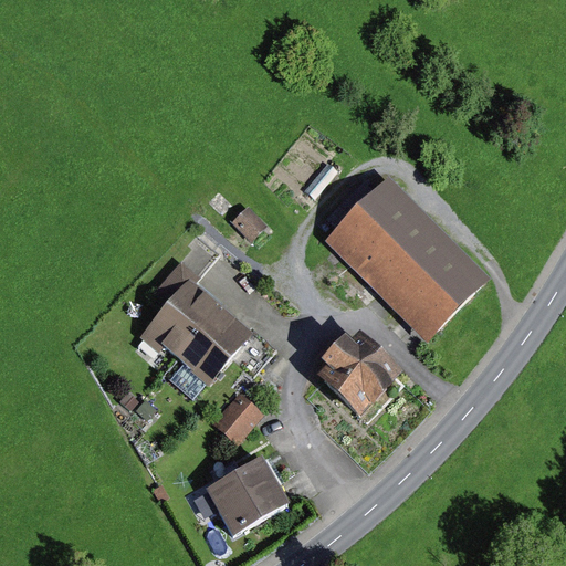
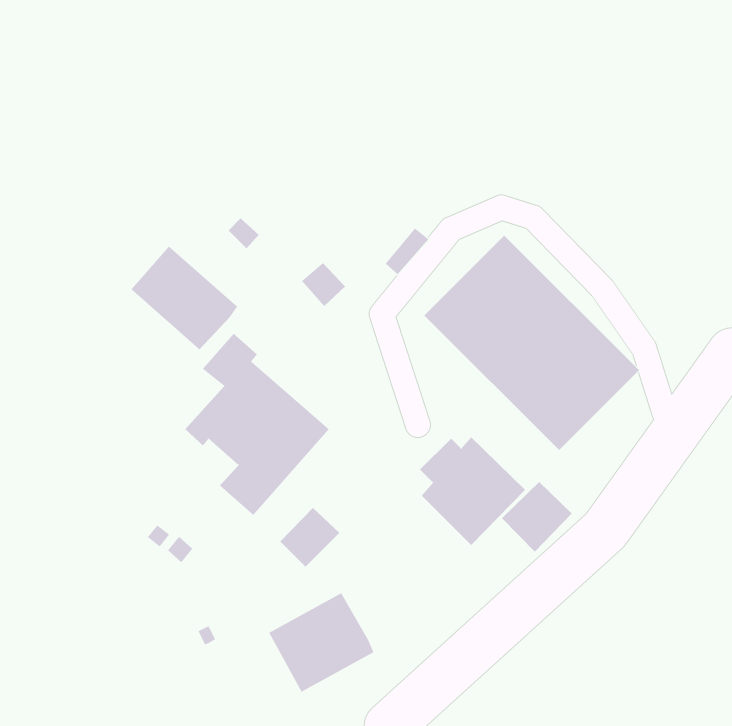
building: none -> [130,245,238,350]
building: none -> [501,481,573,553]

